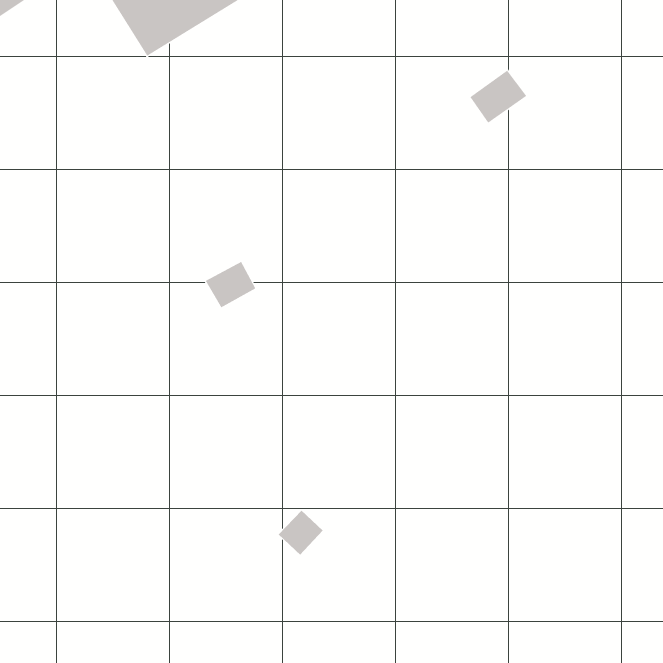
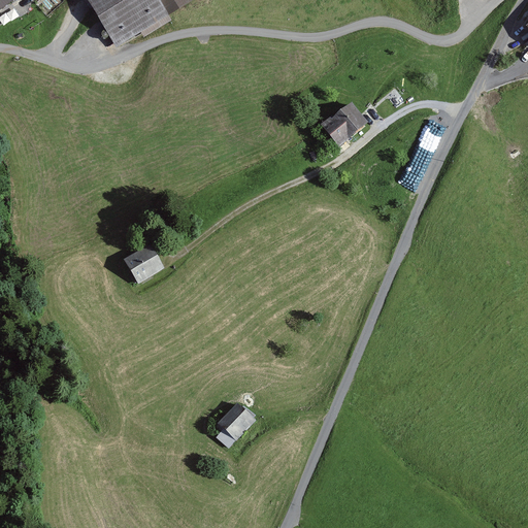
building: [470,70,527,123] -> [322,101,367,143]
building: [205,261,256,308] -> [125,244,165,282]

